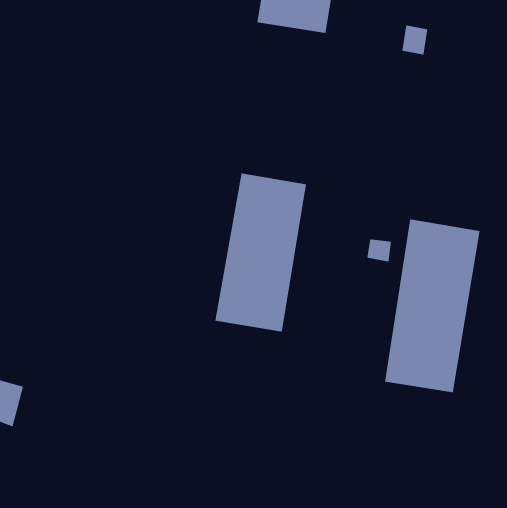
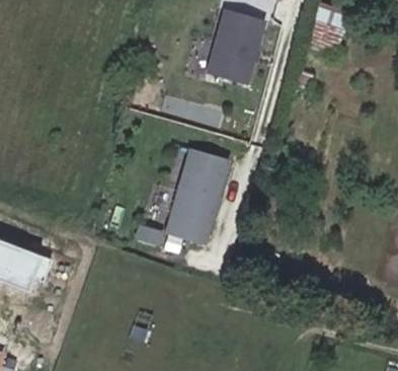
building: [384,219,480,393] -> none

